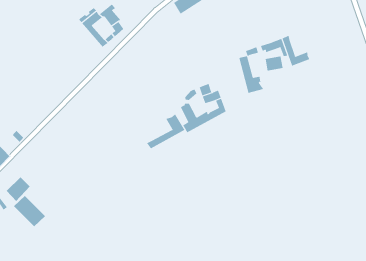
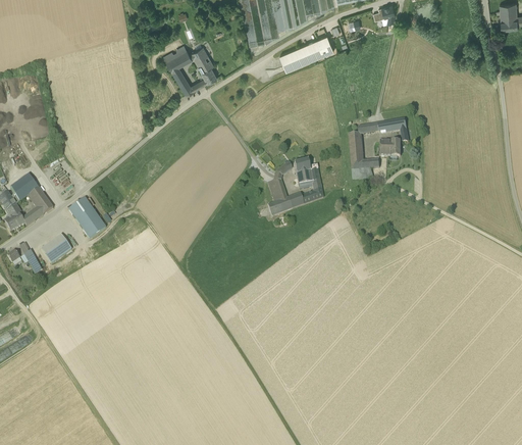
building: [282,35,310,66] -> none
building: [147,114,185,149] -> none
building: [13,195,46,227] -> [68,197,106,238]

